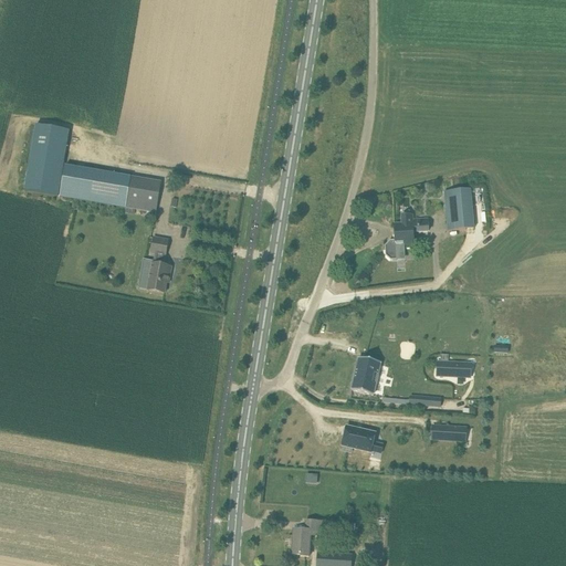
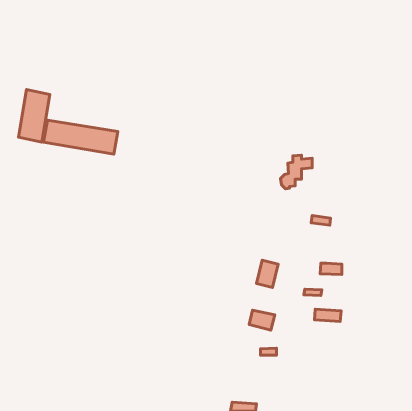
building: [444,188,468,229] -> none
building: [142,237,171,292] -> none
building: [292,518,322,555] -> none

